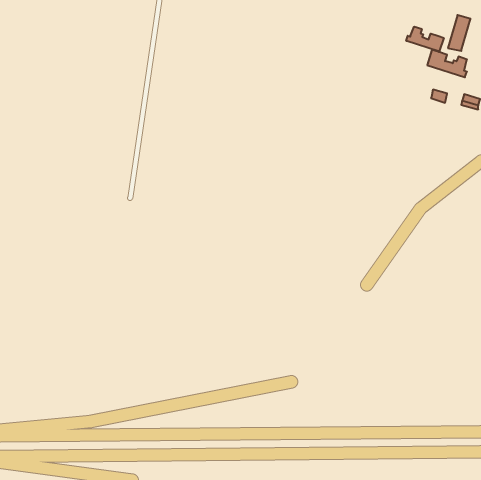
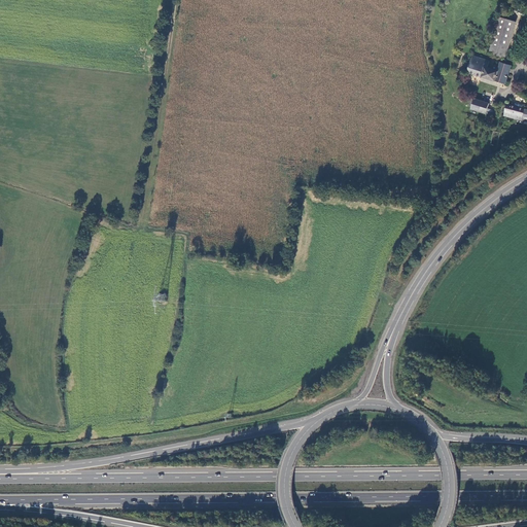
building: [406,27,444,52] -> none

